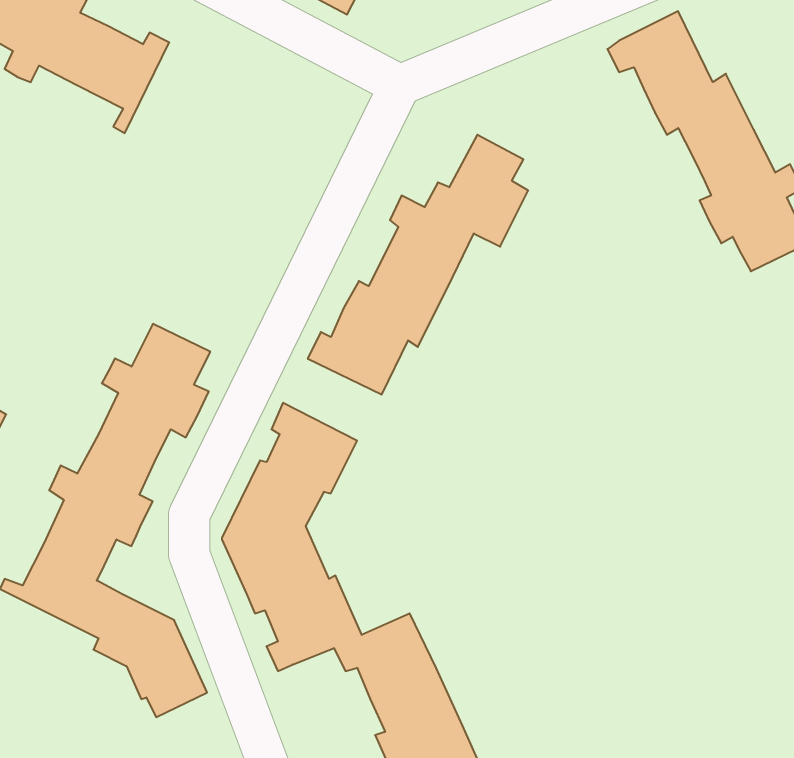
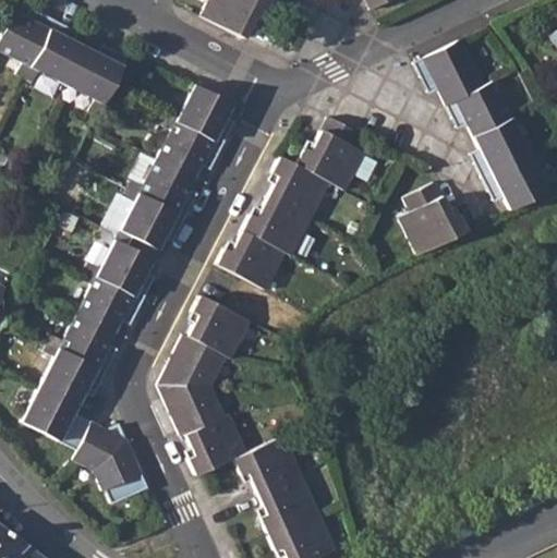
building: none -> [119,84,230,251]
building: none -> [398,183,465,257]

